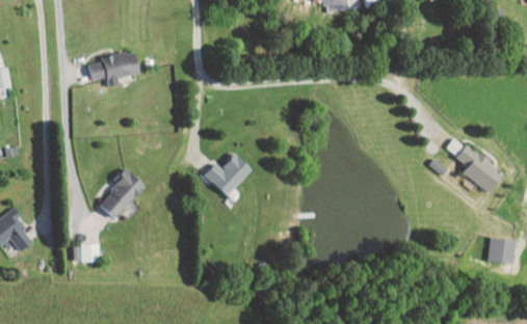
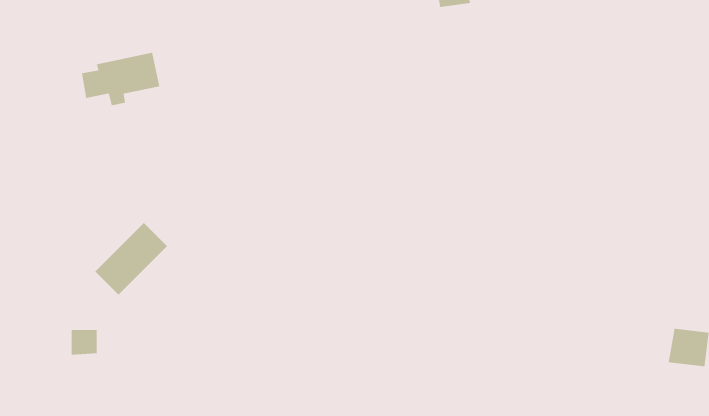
building: [459,146,508,196] -> none
building: [208,157,256,198] -> none

